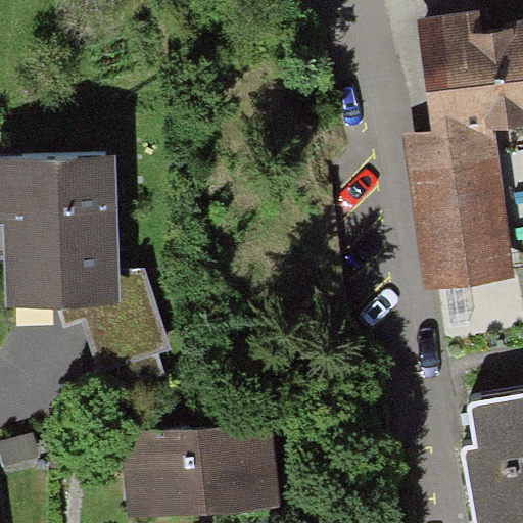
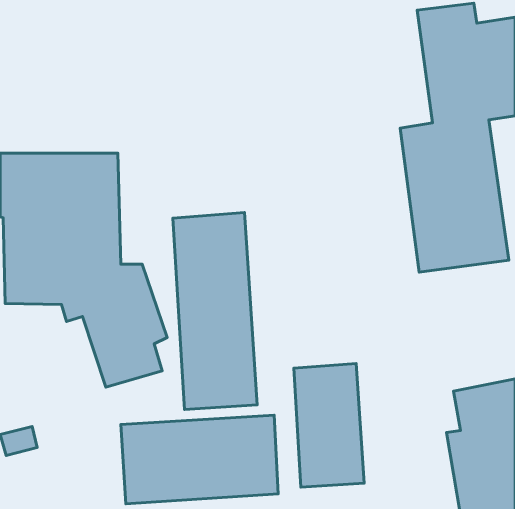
building: none -> [173,212,257,410]
building: none -> [294,364,364,487]

